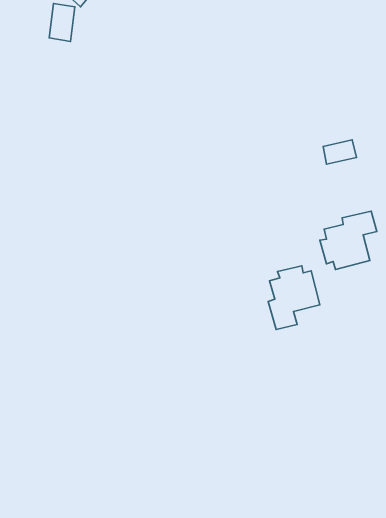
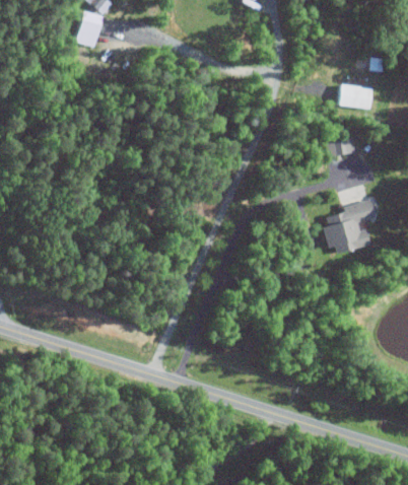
building: none -> [338,85,376,108]
building: [268,266,320,329] -> none

